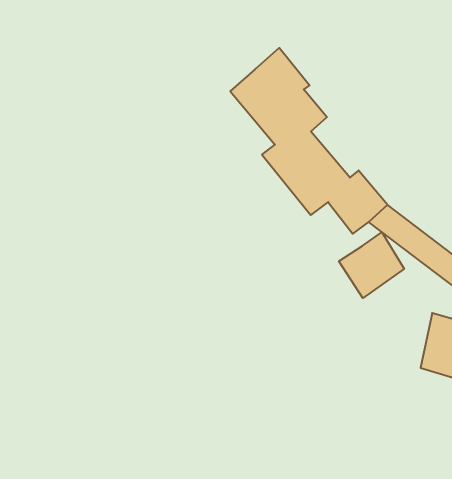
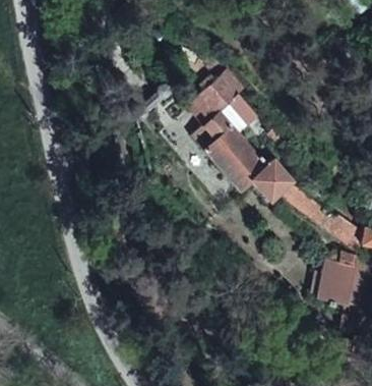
building: [339,232,404,298] -> none

